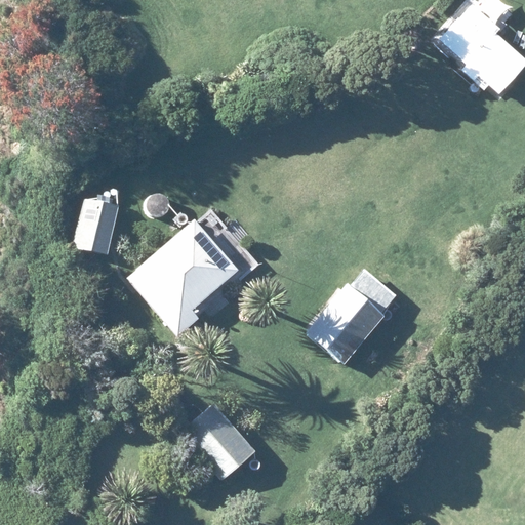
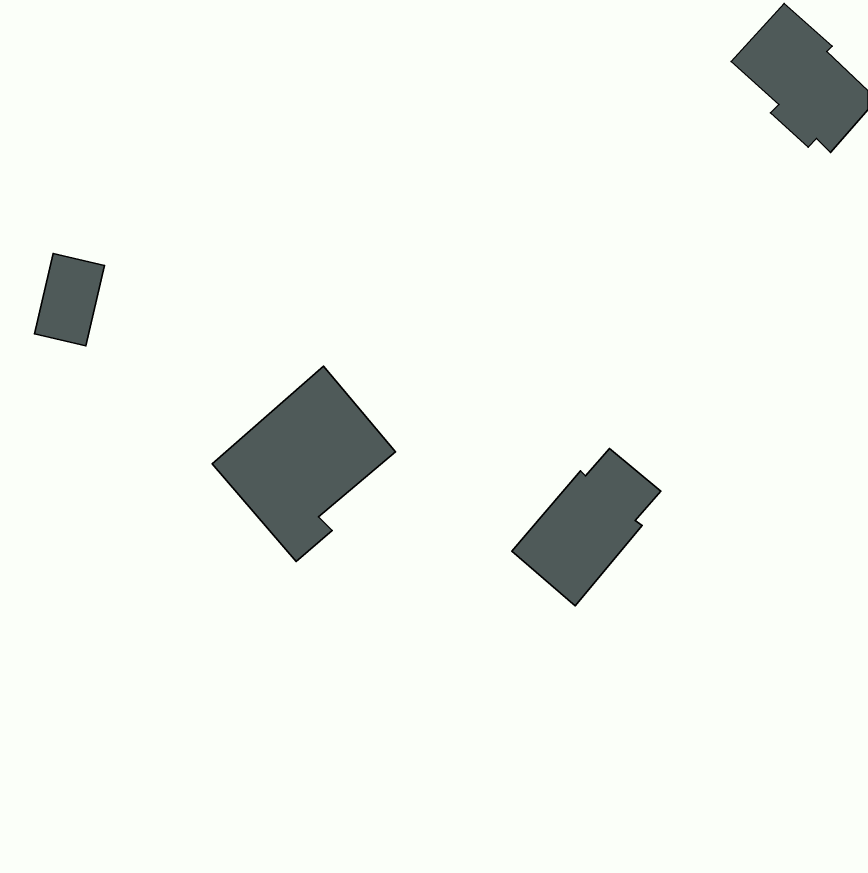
building: [76,198,118,253] -> [34,253,105,346]
building: [181,405,255,480] -> none

